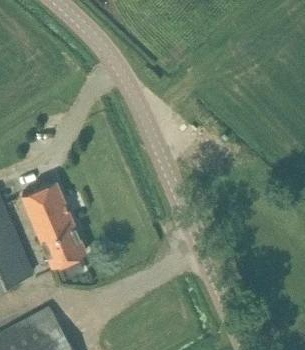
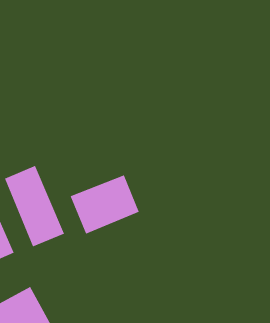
building: none -> [70,174,140,234]

